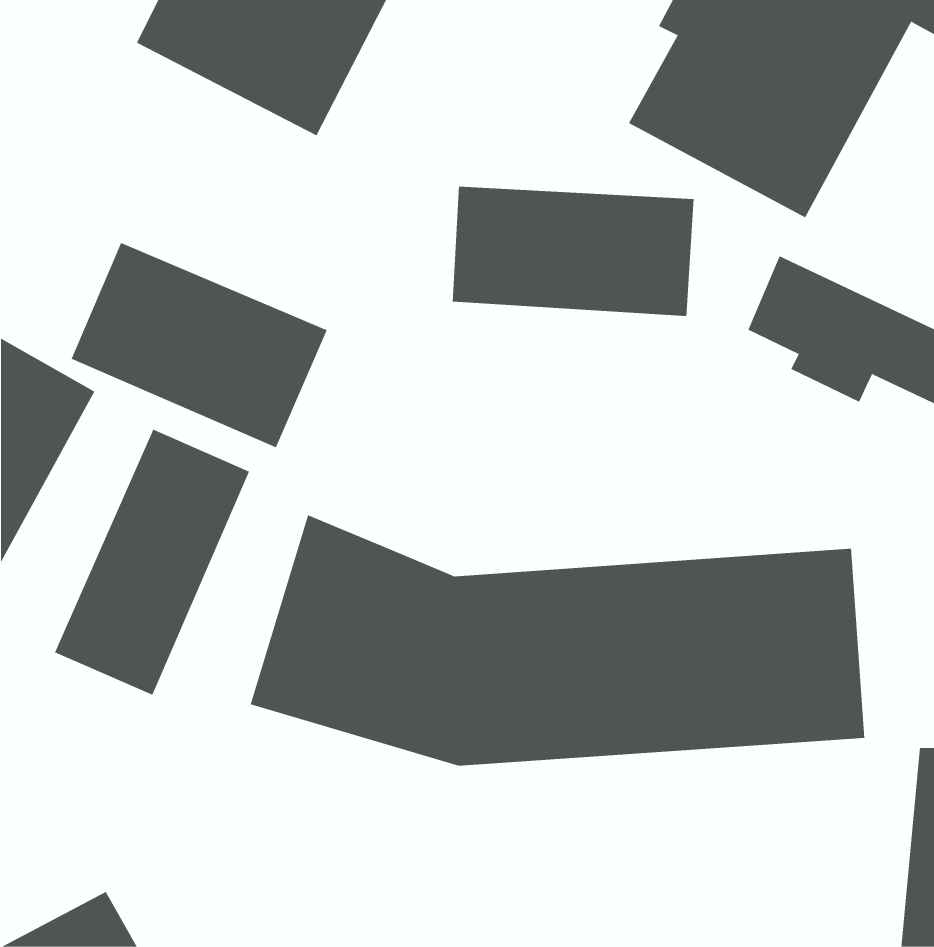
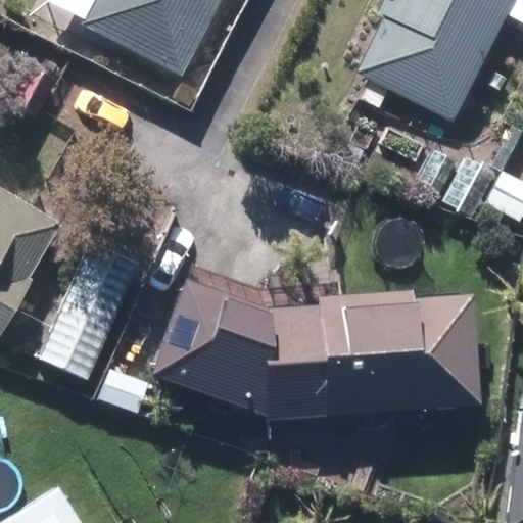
building: [452,186,694,317] -> none
building: [71,242,328,448] -> none

